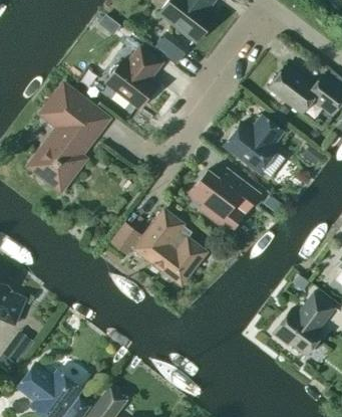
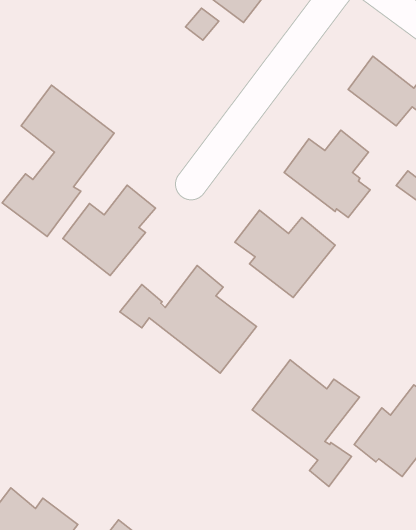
building: [105,46,160,107] -> none
building: none -> [63,185,155,275]
building: none -> [252,360,360,486]

